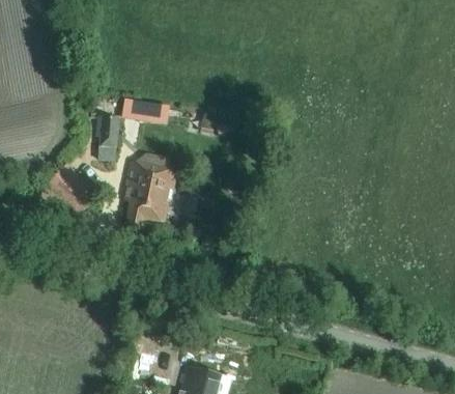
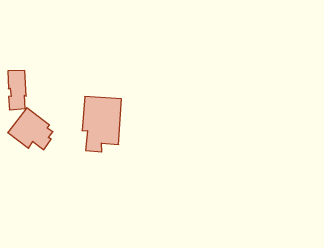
building: [129,100,176,121] -> none
building: [96,117,120,164] -> [8,71,26,110]

